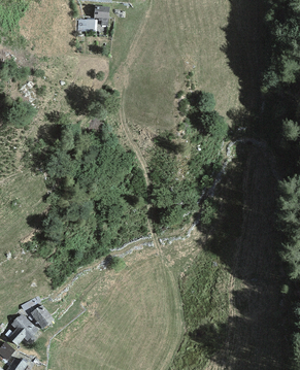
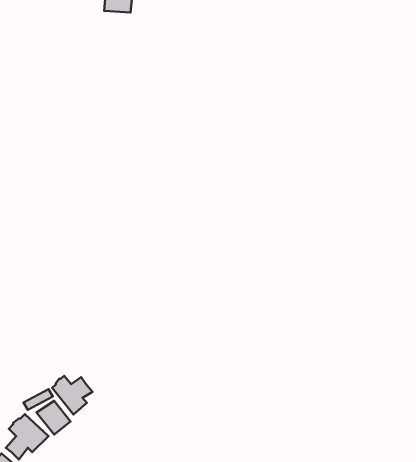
building: none -> [52,376,93,414]

